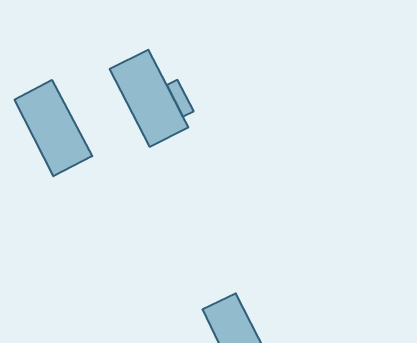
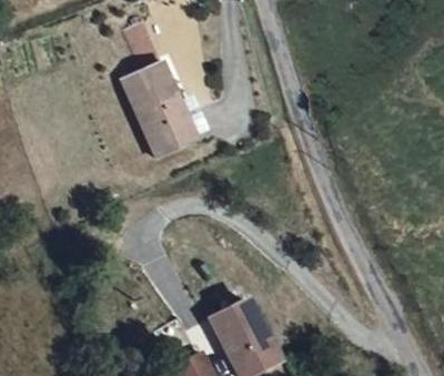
building: [15,80,92,176] -> none

